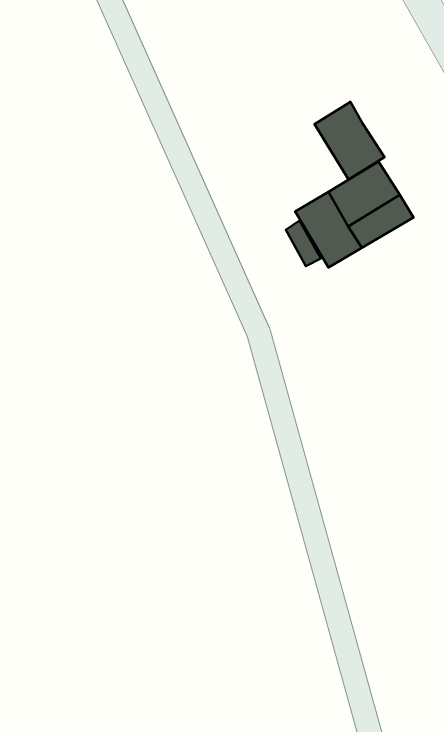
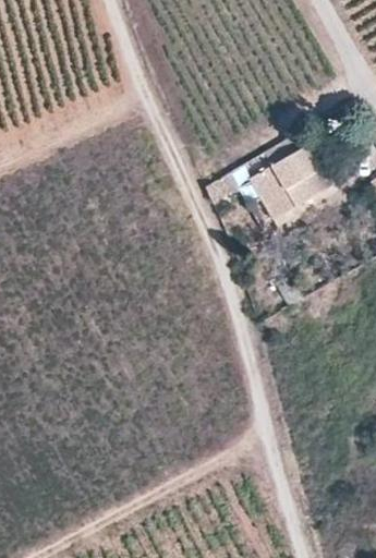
building: [314,102,385,180] -> none

